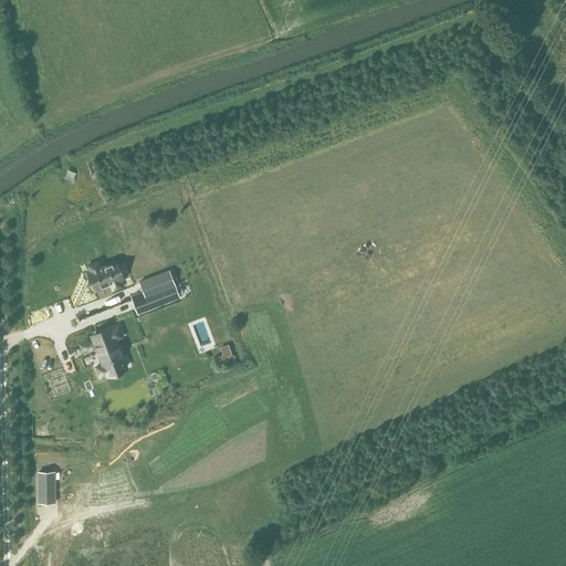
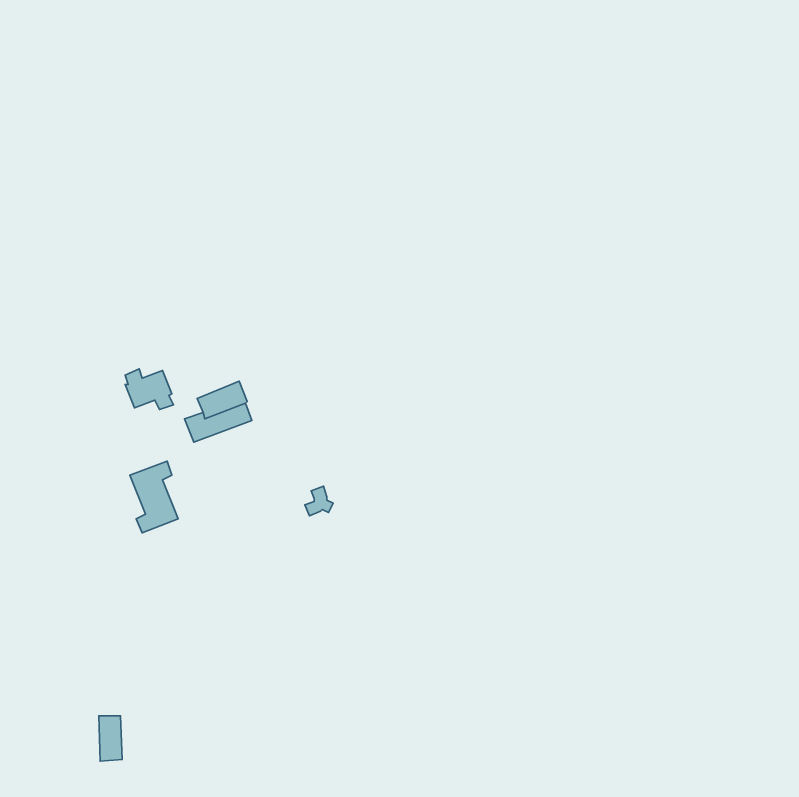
building: [38,472,54,504] -> [99,716,122,761]

